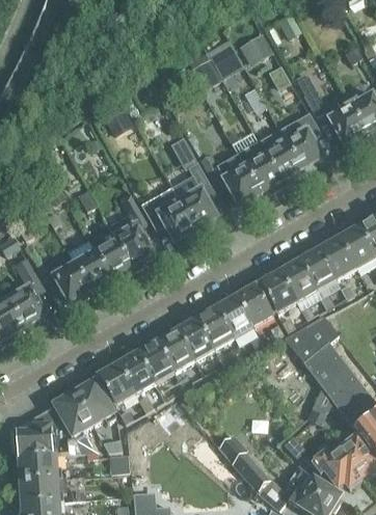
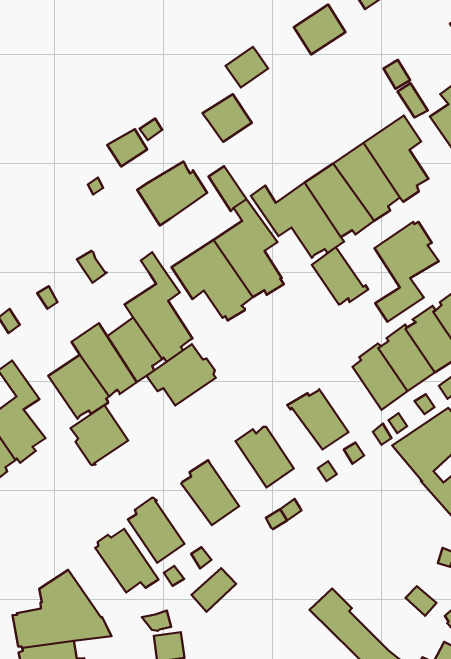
building: [208,44,241,76] -> [203,94,252,142]
building: none -> [137,161,207,226]
building: none -> [374,222,439,322]
building: none -> [312,247,368,305]
building: none -> [147,344,216,405]
building: [233,283,273,326] -> none
building: none -> [70,405,128,465]
building: [194,306,235,348] -> none
building: [157,326,194,371] -> none
building: [117,349,155,394] -> none
building: [54,390,92,439] -> none

